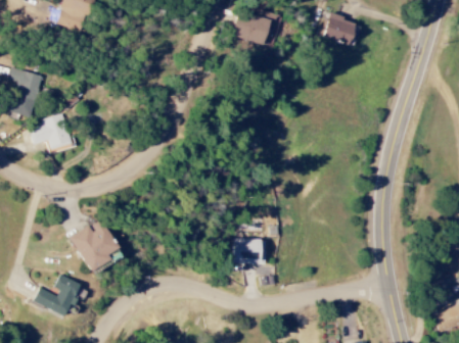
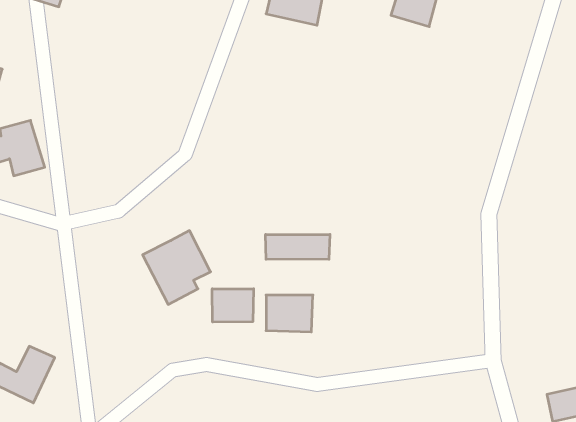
building: none -> [266,234,330,259]
building: [71,218,120,272] -> [143,231,211,304]
building: none -> [212,289,254,322]

